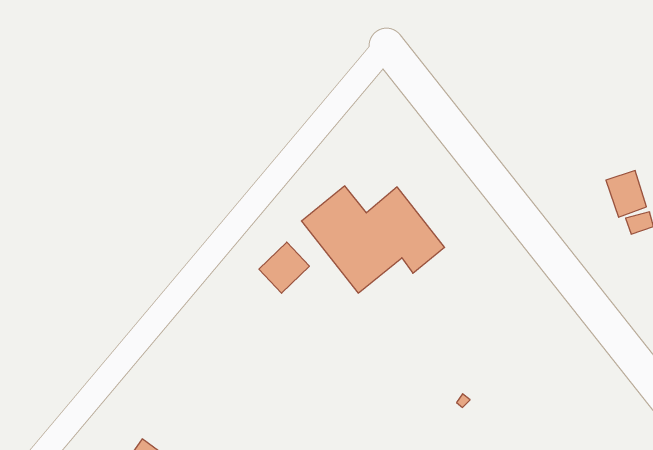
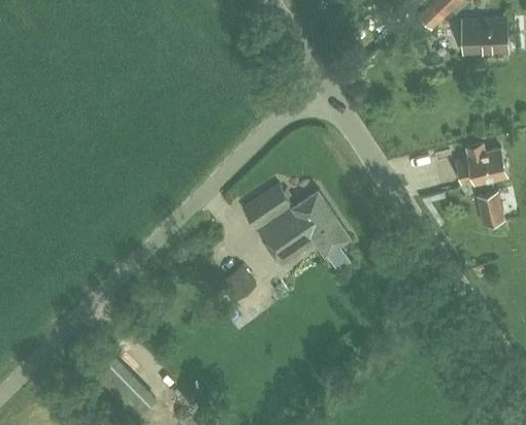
building: none -> [456,143,506,184]
building: [259,242,309,293] -> [217,264,255,302]

